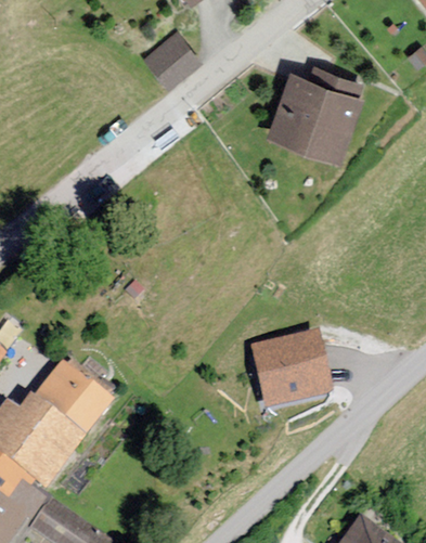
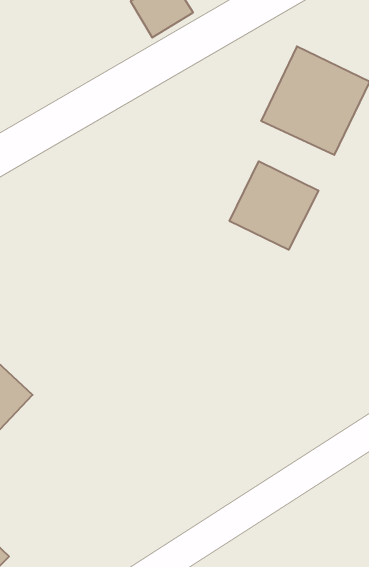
building: none -> [230,161,318,250]
building: [253,334,330,405] -> none

